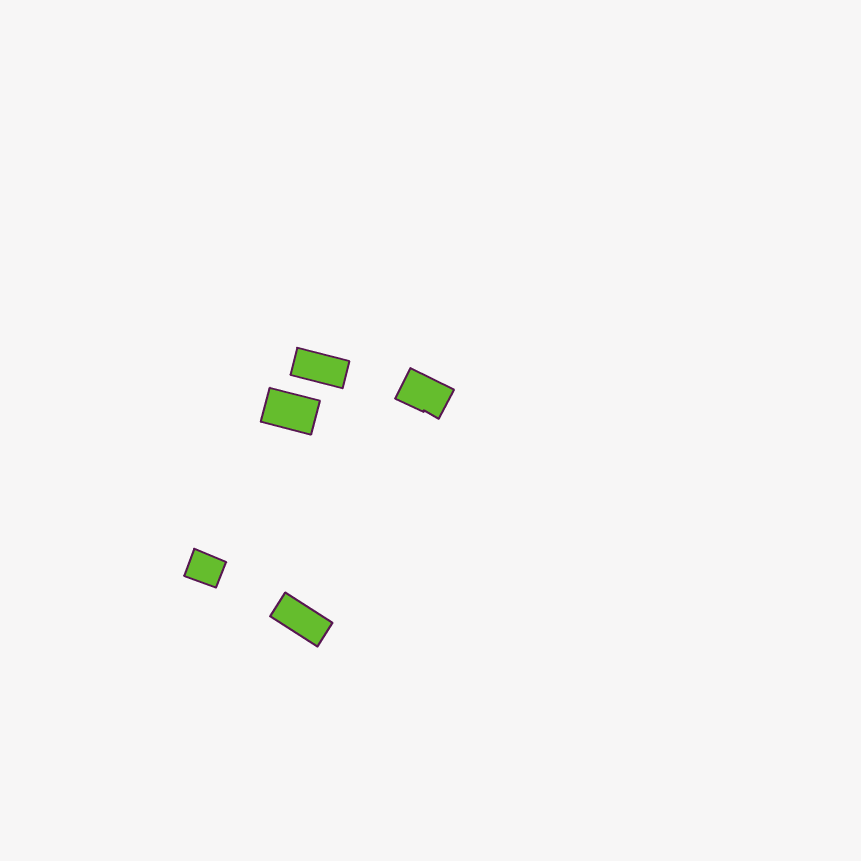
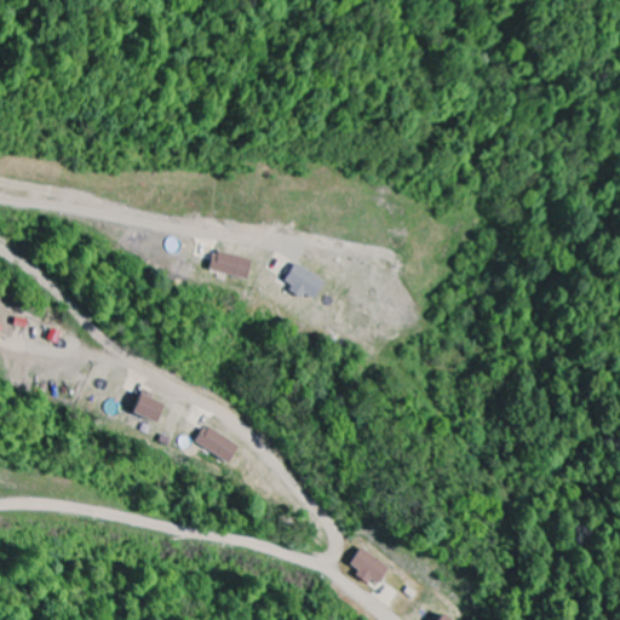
building: [261,388,320,435] -> none
building: none -> [349,547,391,587]

